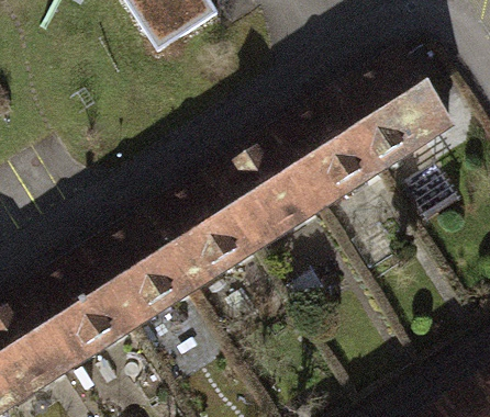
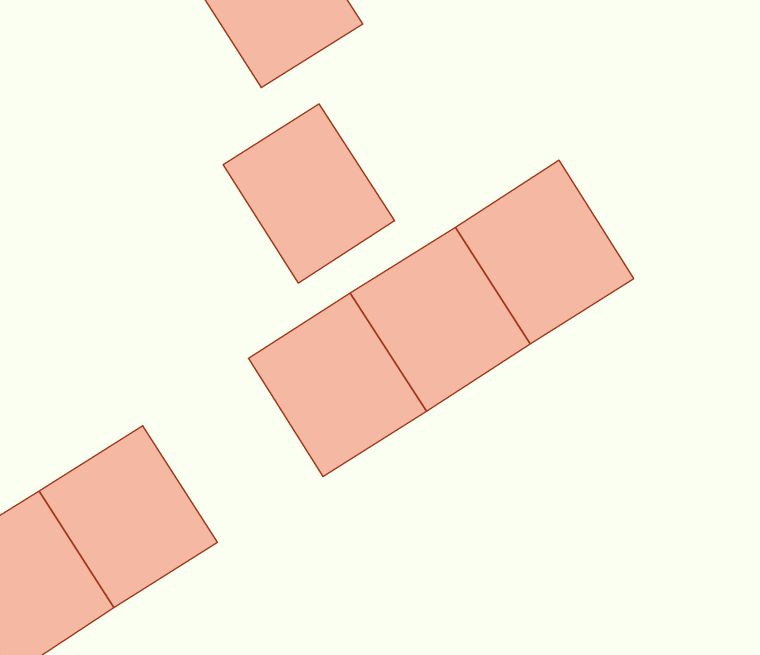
building: [343,57,455,171] -> none
building: none -> [223,104,395,283]
building: [91,219,200,330] -> none

